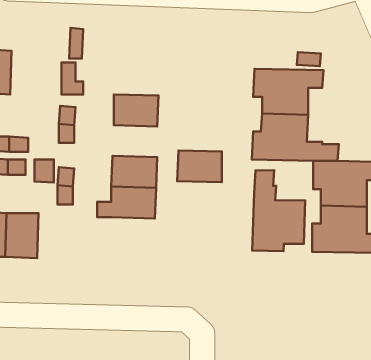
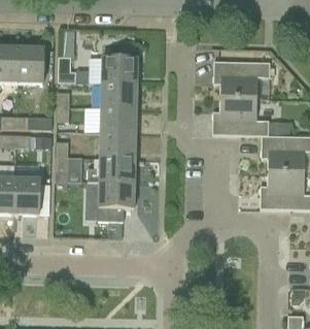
building: none -> [18,47,44,84]
building: none -> [101,58,138,84]
building: [177,150,222,182] -> [100,107,136,133]
building: [252,170,305,251] -> none
building: none -> [98,182,134,221]

